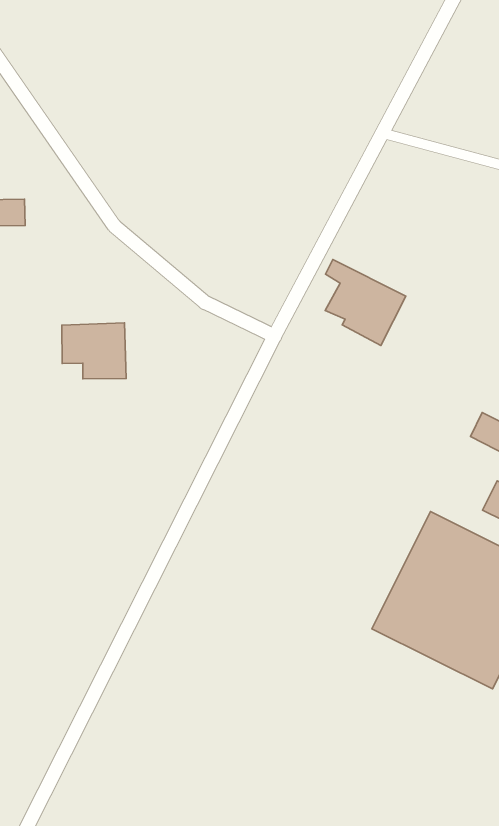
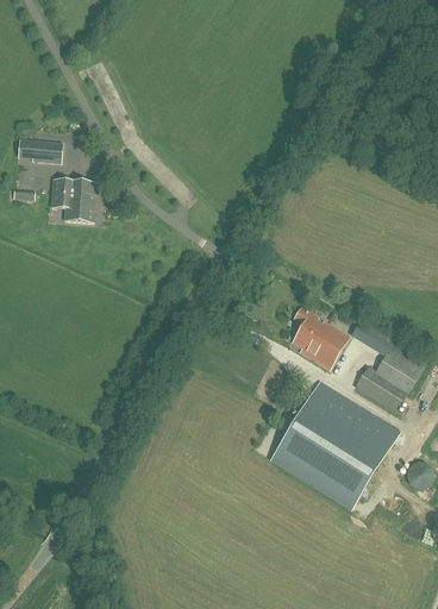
building: [325,259,406,346] -> [293,307,349,369]
building: [62,323,126,379] -> [50,182,95,222]

